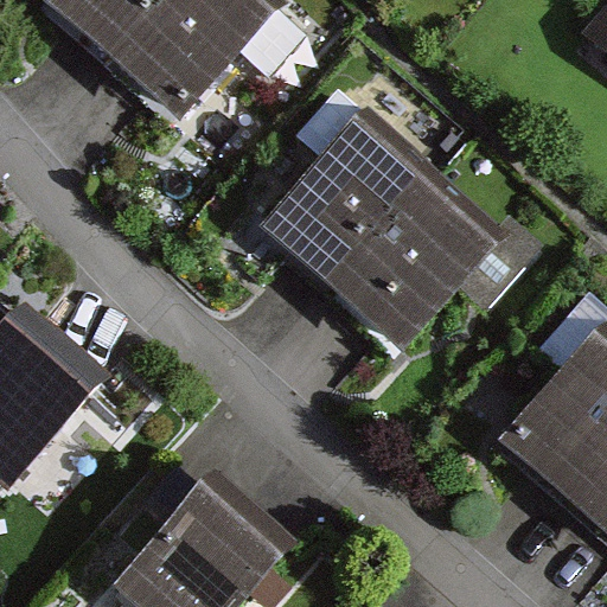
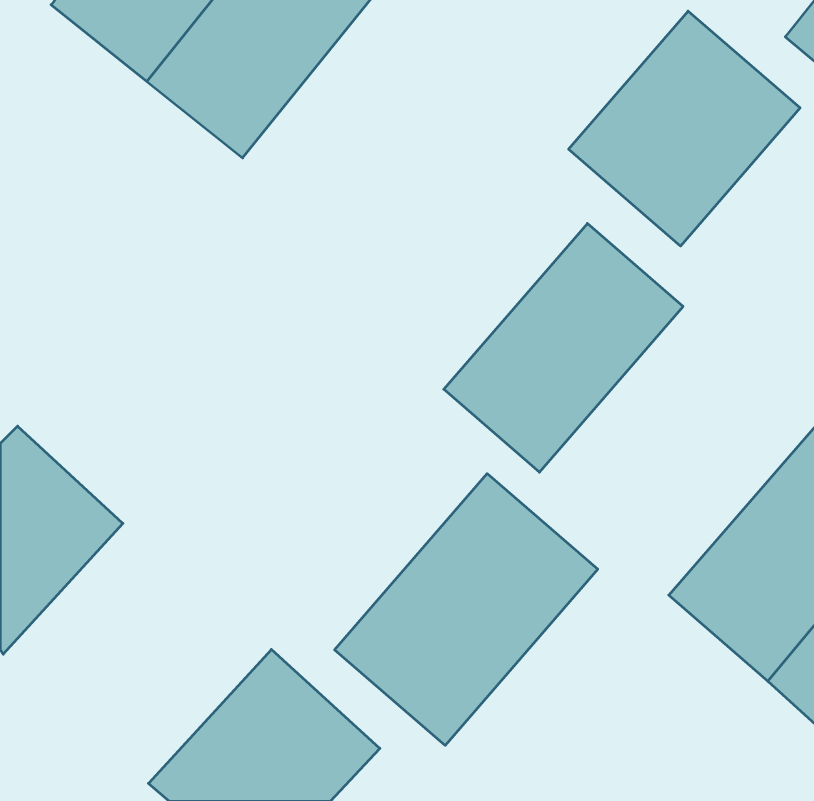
building: none -> [569,11,800,246]
building: [260,104,437,289] -> none
building: none -> [335,474,598,745]

